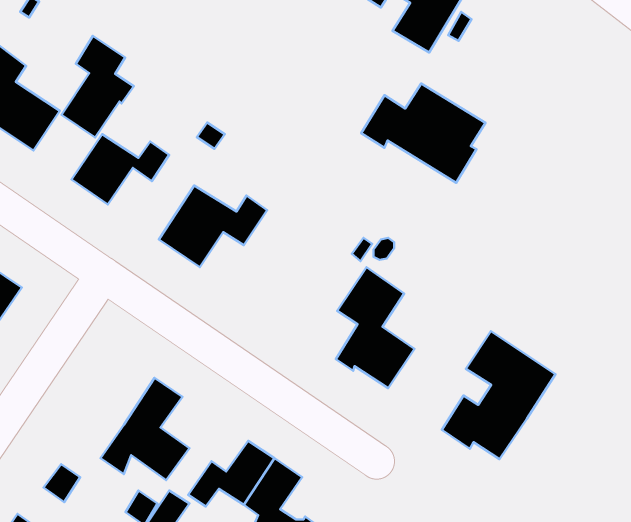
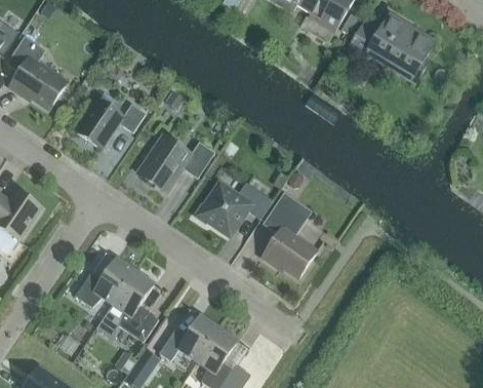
building: [61,36,134,137] -> none
building: [361,84,485,183] -> [348,13,435,83]
building: none -> [194,182,272,235]
building: [442,331,556,459] -> none
building: none -> [75,258,134,307]

